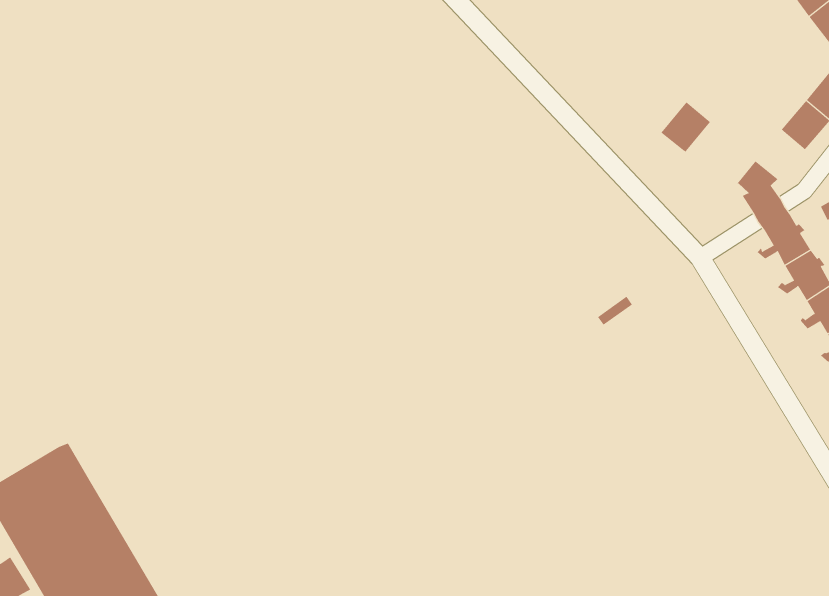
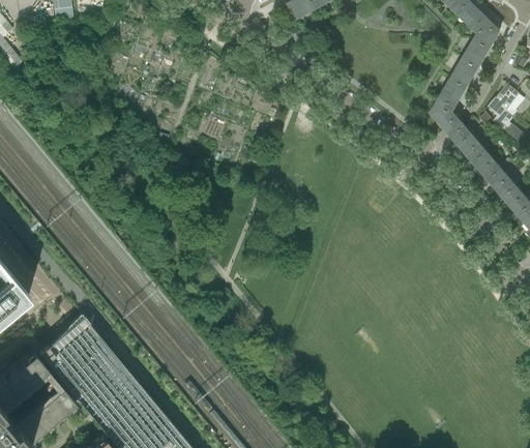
building: [661,101,711,153] -> [439,80,466,109]

